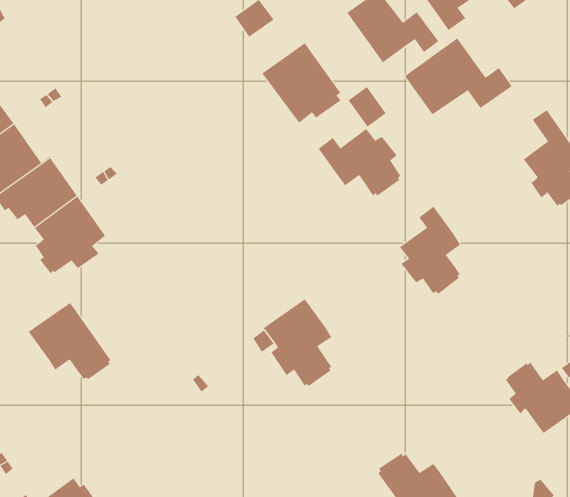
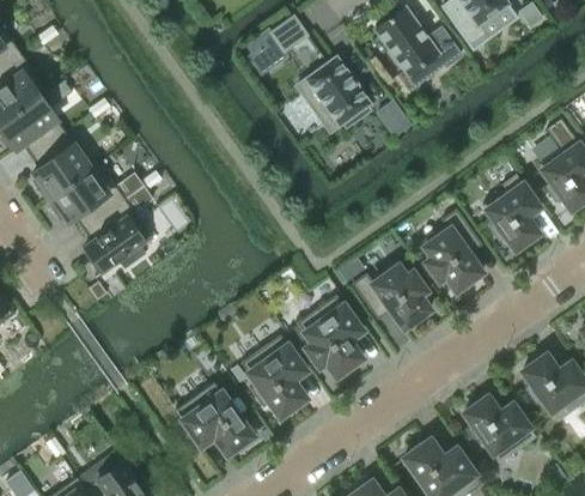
building: none -> [245,29,288,73]
building: [404,37,512,115] -> none
building: [318,128,401,196] -> [353,265,431,328]
building: none -> [483,174,541,250]
building: [28,302,112,380] -> [176,382,254,454]
building: none -> [242,334,306,417]
building: none -> [464,395,537,462]

